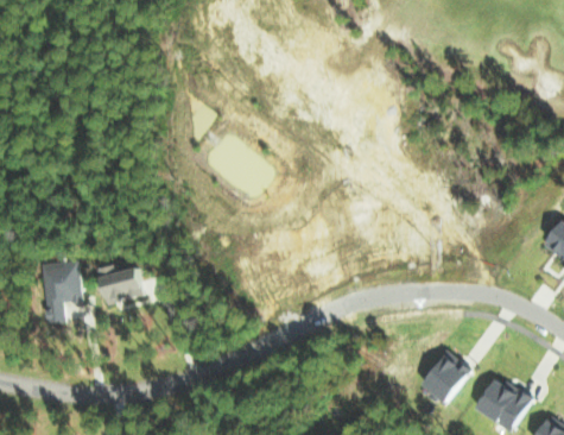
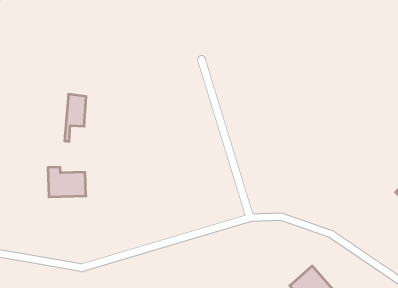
building: [55,263,80,322] -> [65,94,86,141]

